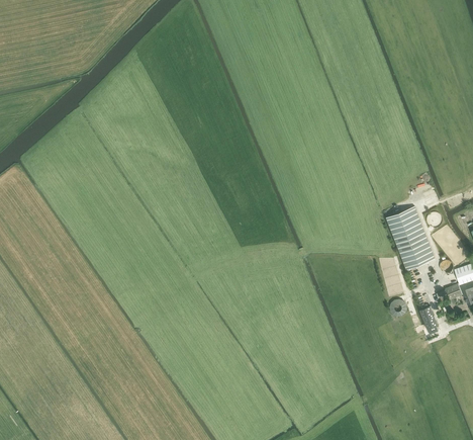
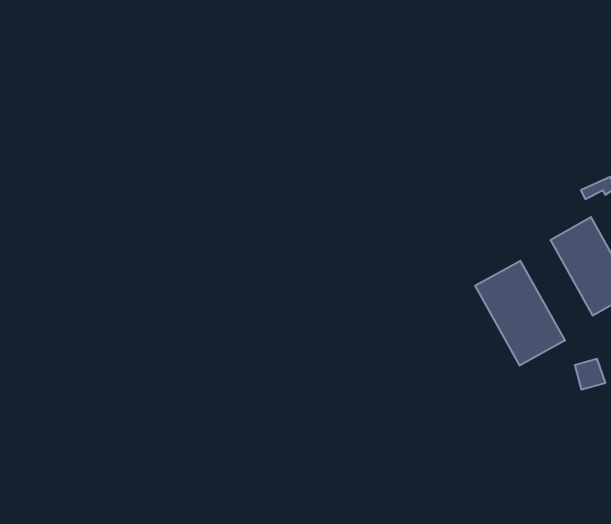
building: none -> [475,261,565,366]

